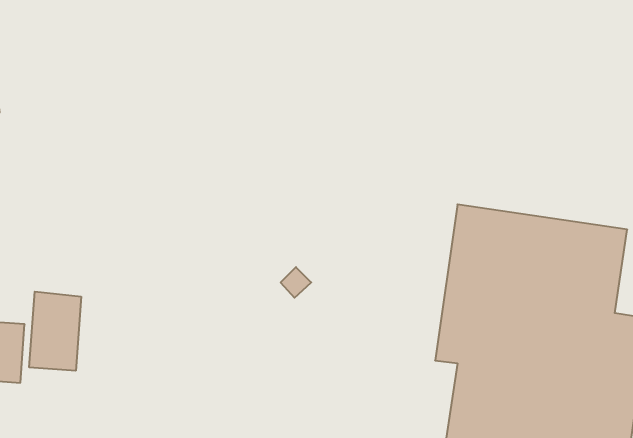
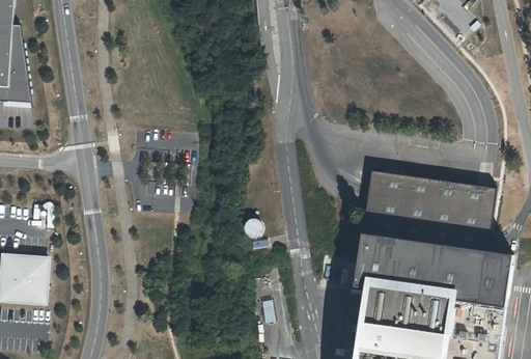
building: [29,292,81,371] -> none

